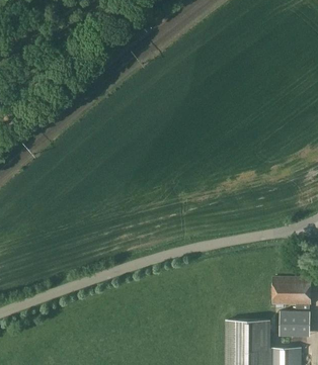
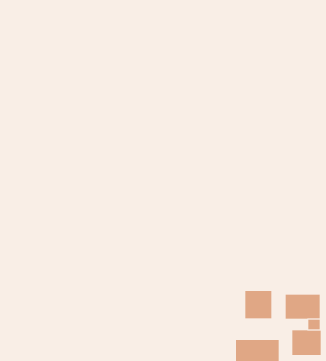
building: none -> [245,290,272,319]

